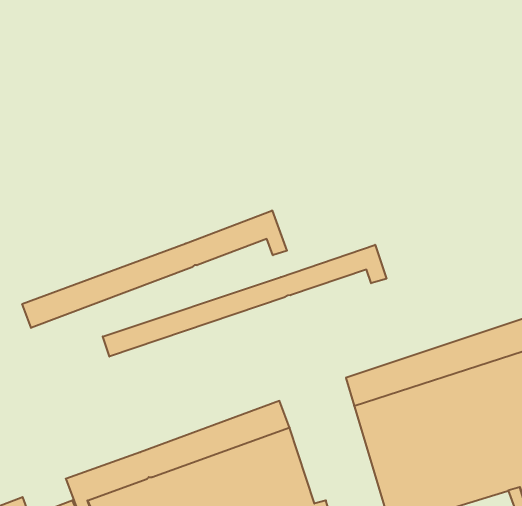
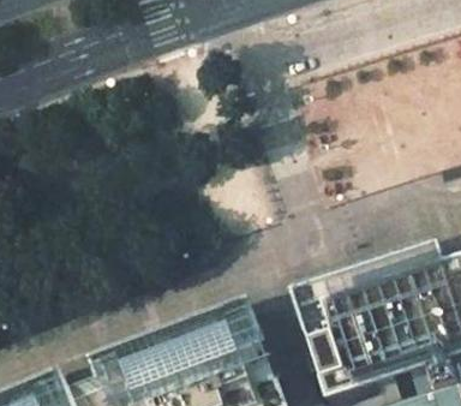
building: [22,210,287,328] -> none
building: [103,245,386,357] -> none

